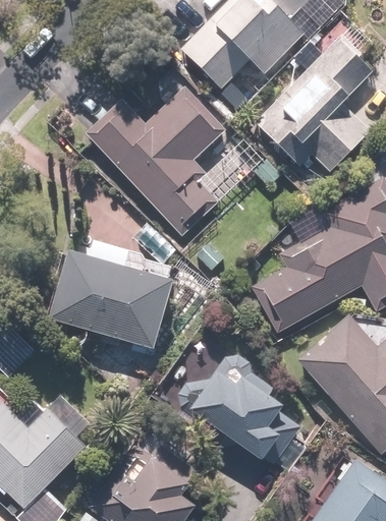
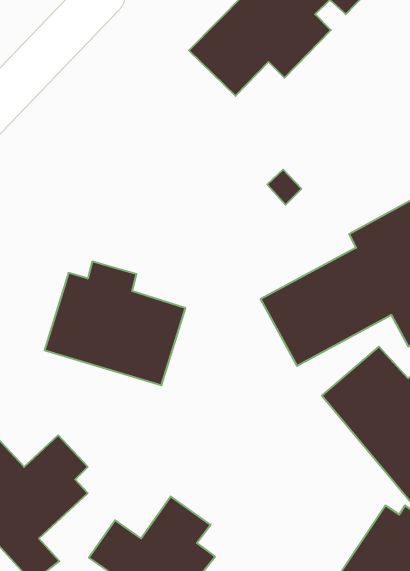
building: [252,39,373,176] -> none
building: [85,90,224,234] -> none
building: [191,349,287,463] -> none

